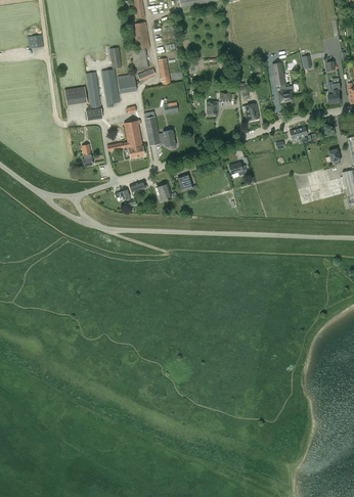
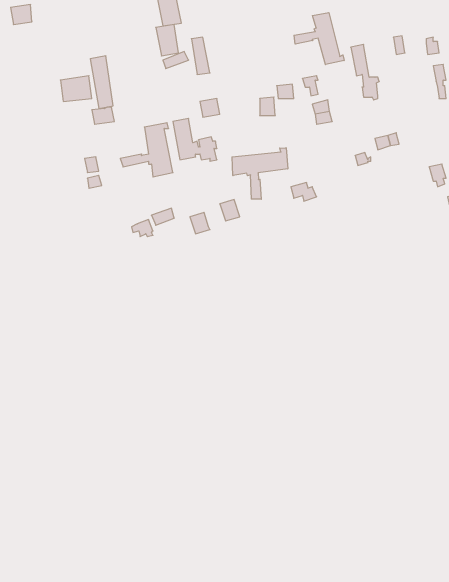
building: none -> [294,13,344,65]
building: [101,48,122,107] -> none
building: none -> [232,148,288,199]

